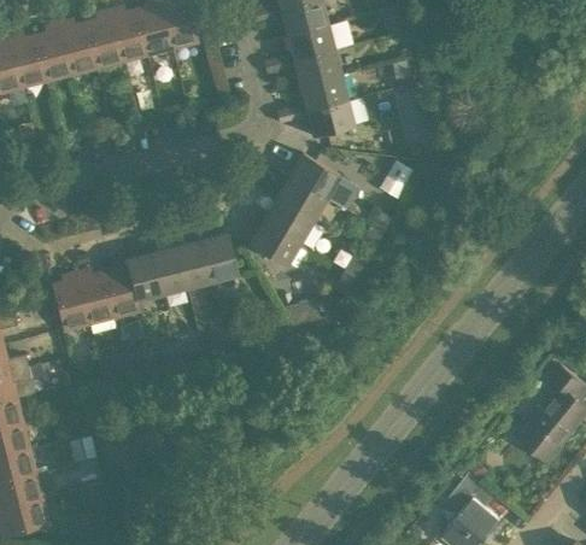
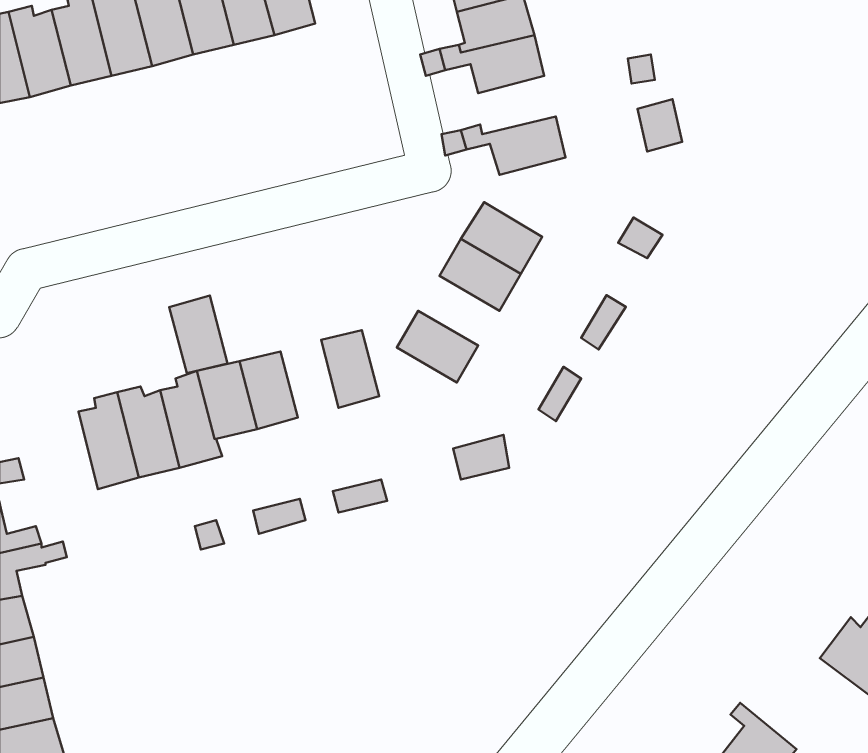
building: [300,76,348,112] -> none
building: [263,200,313,244] -> none
building: [177,240,213,288] -> [169,296,227,373]

